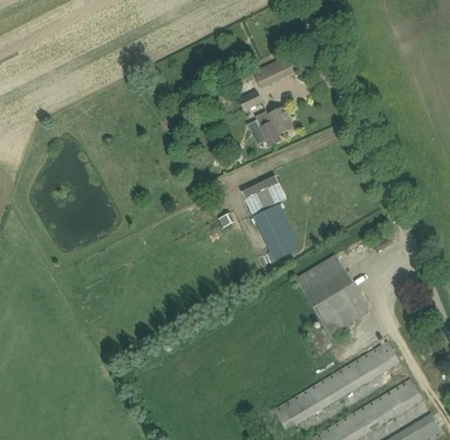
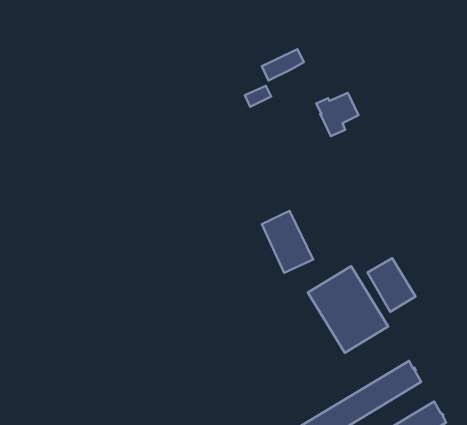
building: [254,107,293,146] -> [316,93,358,136]
building: [240,175,286,215] -> none
building: none -> [368,258,415,312]

